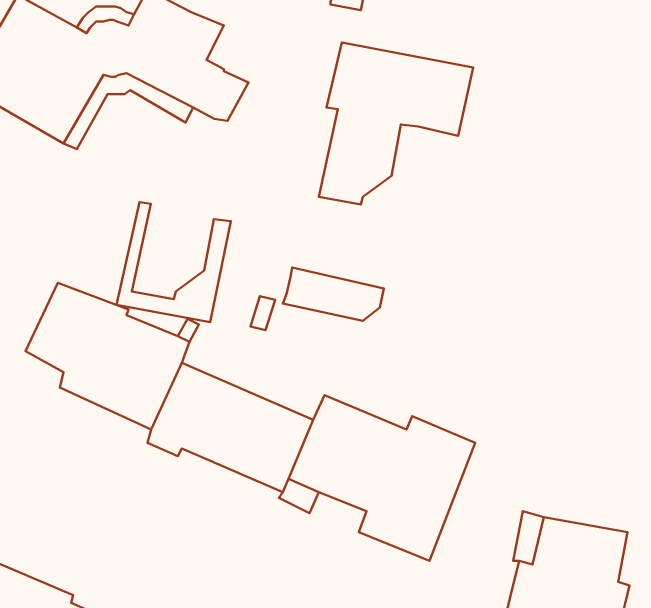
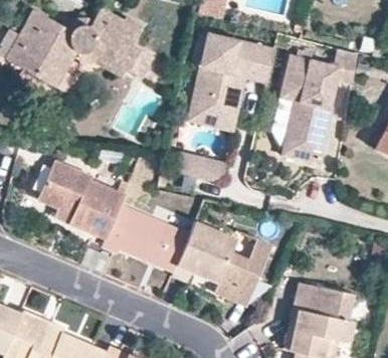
building: none -> [279,46,356,160]
building: [117,202,231,322] -> [184,68,244,132]

